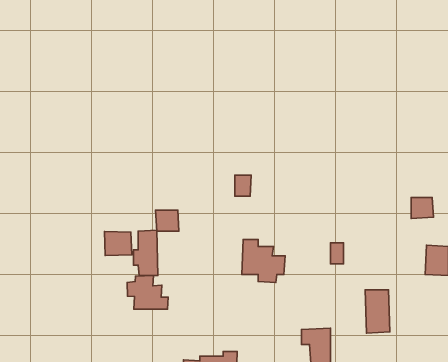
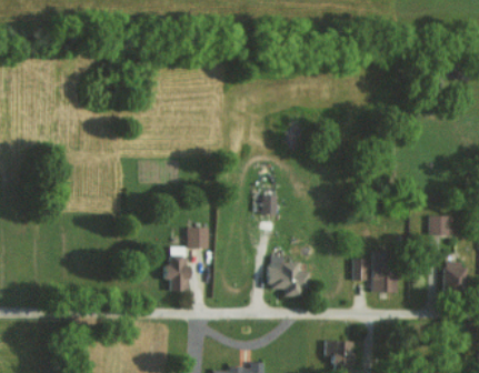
building: [104,232,132,255] -> none
building: [127,276,168,309] -> none
building: [365,290,390,333] -> [371,251,395,292]

